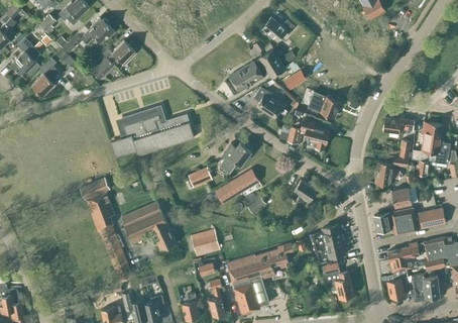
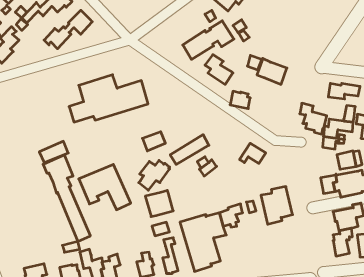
building: [301,118,329,150] -> [300,103,327,134]
building: [219,142,251,174] -> [139,160,170,190]
building: [319,263,353,299] -> none

